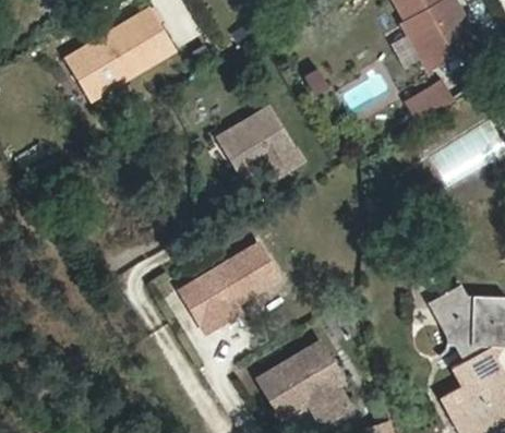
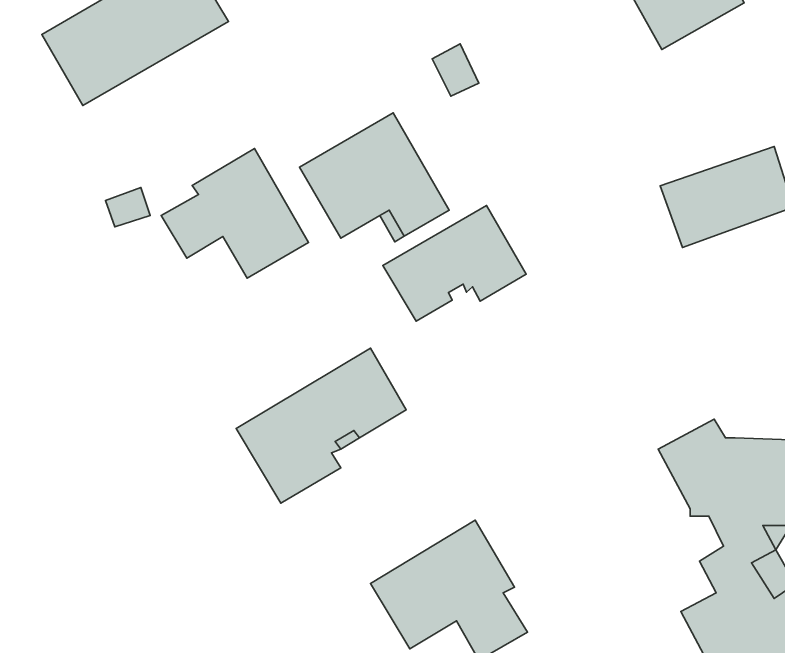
building: [404,80,454,122] -> none
building: none -> [161,148,308,278]
building: none -> [383,205,526,321]

